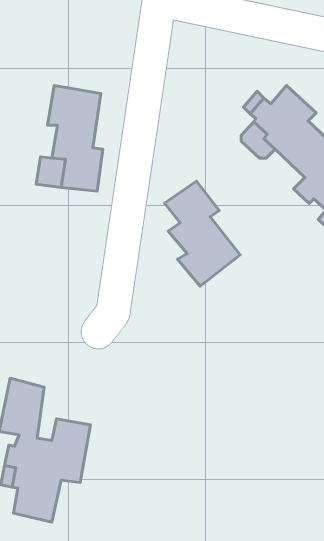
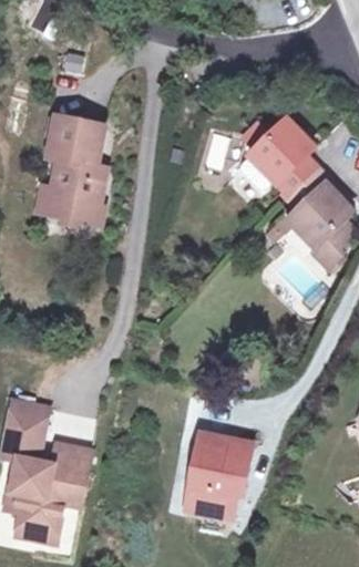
building: [164,181,240,286] -> none
building: none -> [182,431,252,515]

